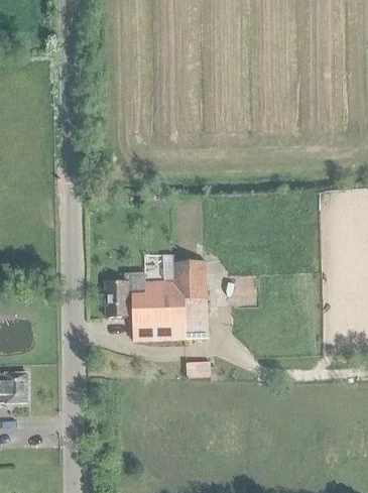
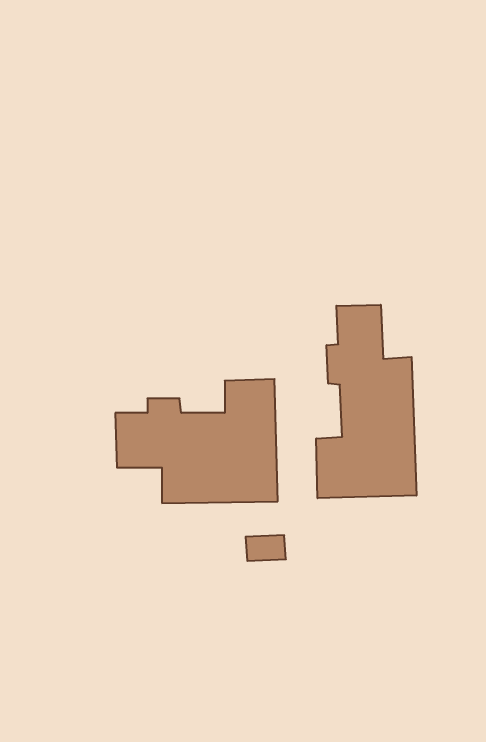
building: none -> [316,305,416,498]

